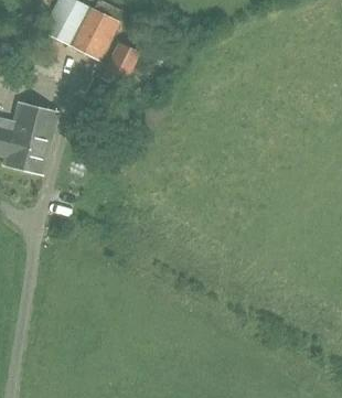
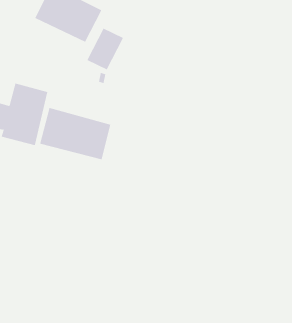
building: none -> [39,107,111,160]

